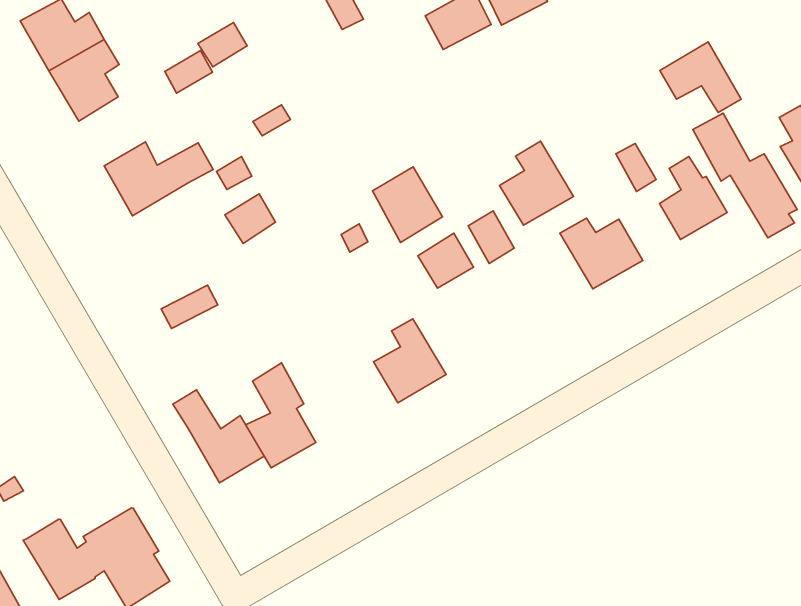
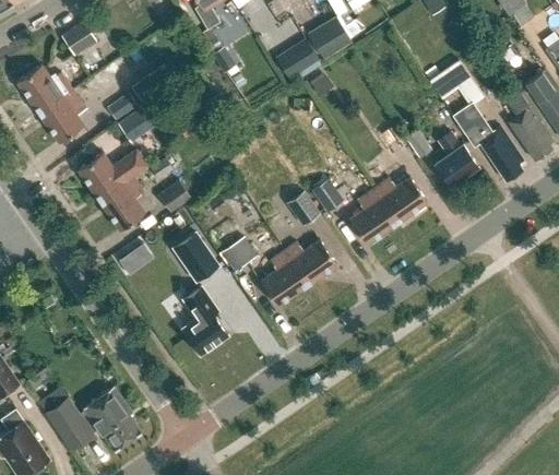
building: none -> [119,102,164,142]
building: [499,141,574,225] -> [348,189,396,244]
building: [372,167,443,242] -> none
building: none -> [98,176,144,230]
building: none -> [173,231,217,280]
building: none -> [222,238,255,272]
building: none -> [283,239,336,285]
building: [173,390,264,483] -> none

